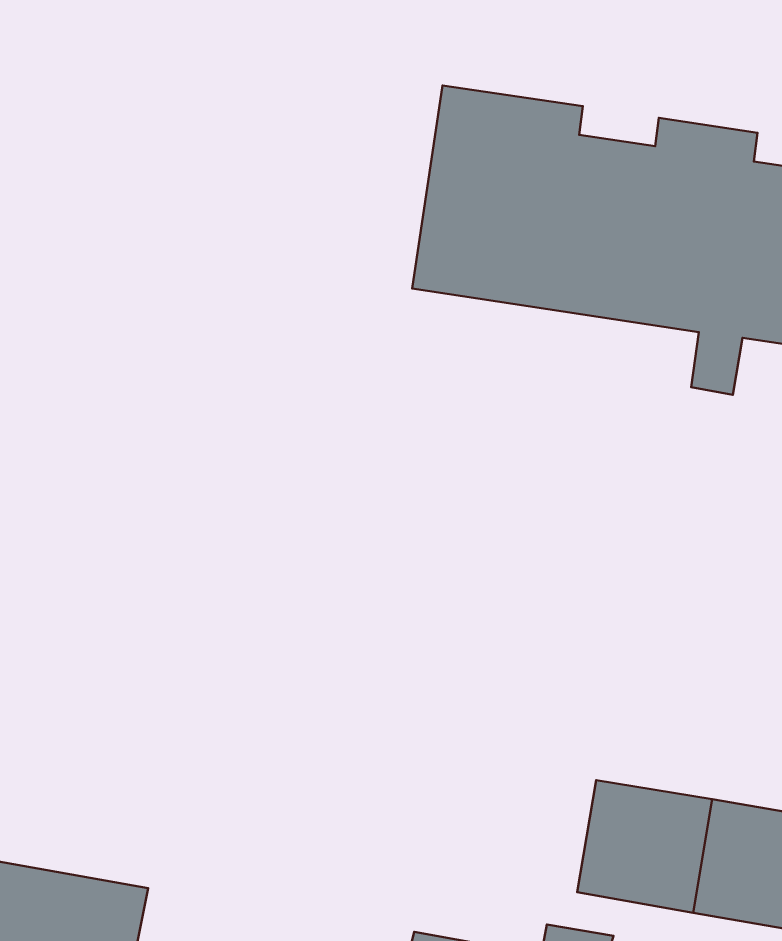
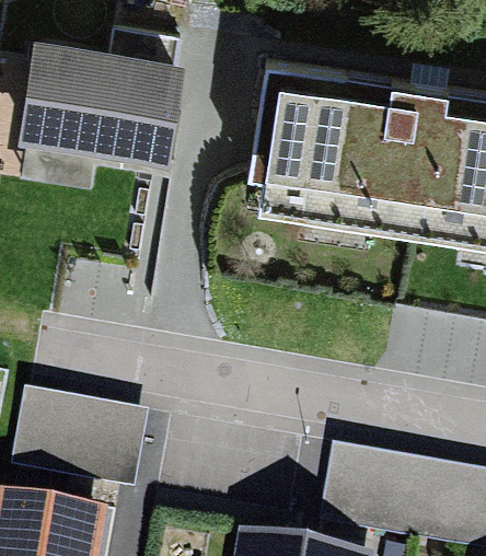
building: none -> [32,27,184,154]
building: none -> [21,404,136,485]

